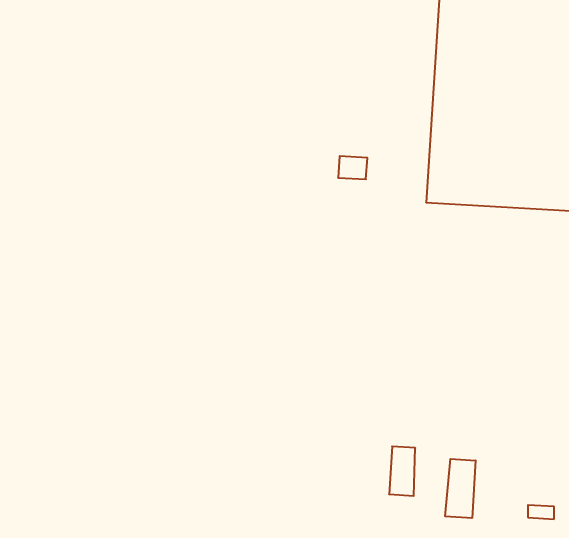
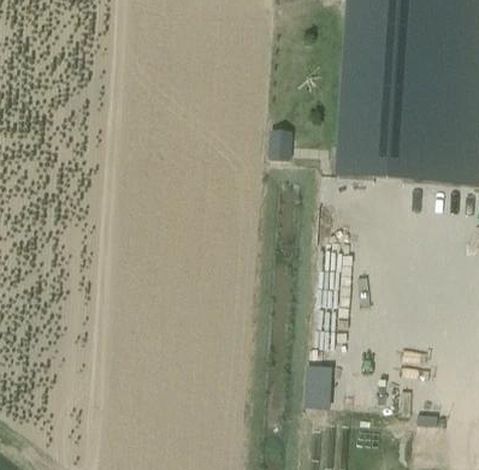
building: [445,459,476,518] -> none

